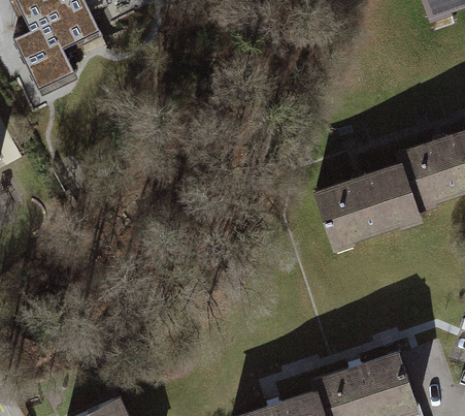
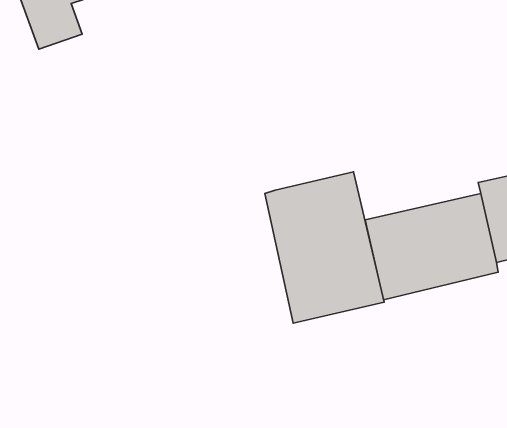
building: none -> [265,172,384,323]

